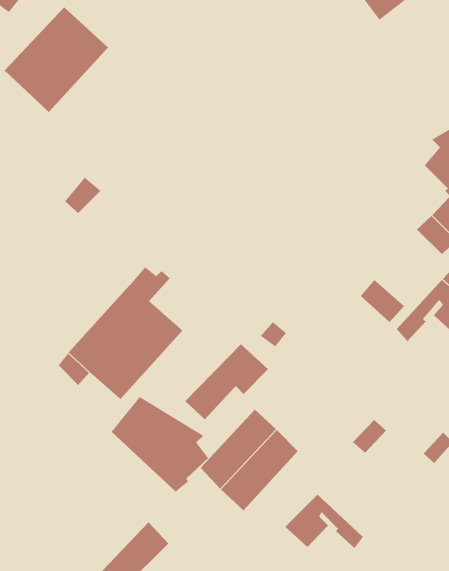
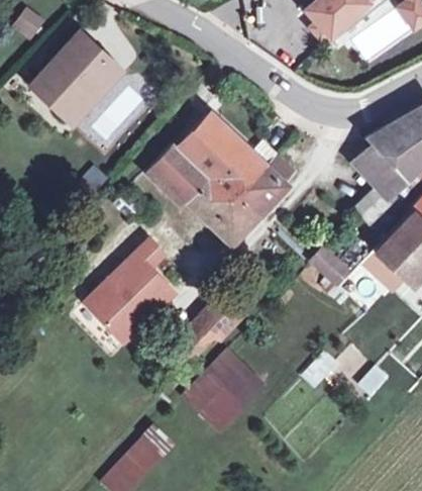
building: none -> [153,114,296,240]
building: [111,396,209,493] -> none
building: [284,494,363,549] -> none

